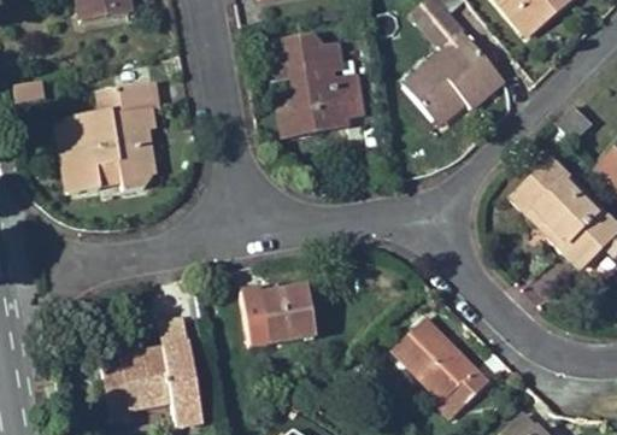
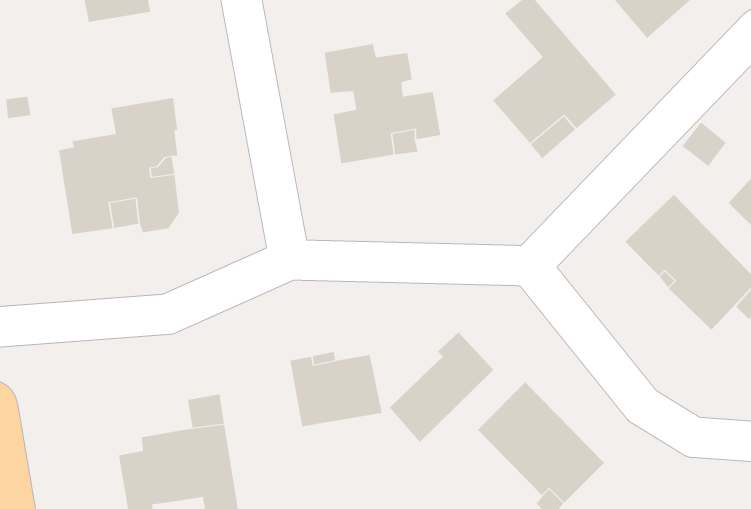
building: none -> [389,331,494,443]

